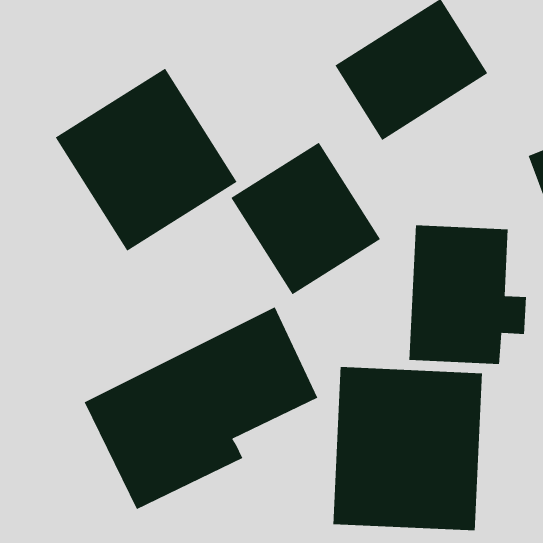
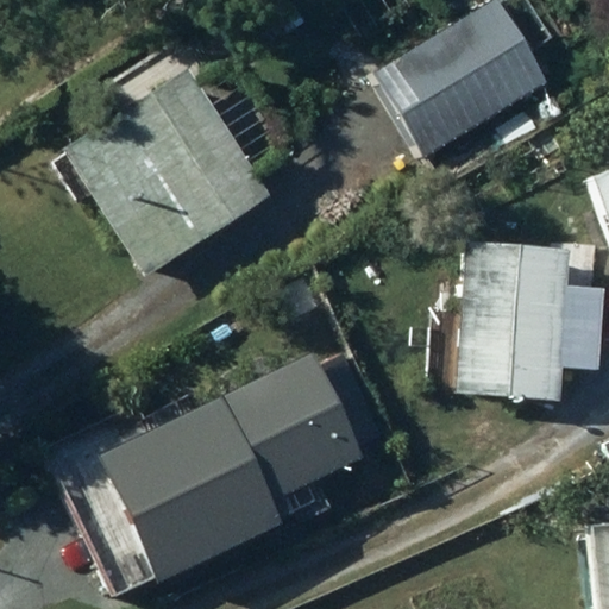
building: [231,142,381,295] -> none
building: [333,366,482,531] -> none

